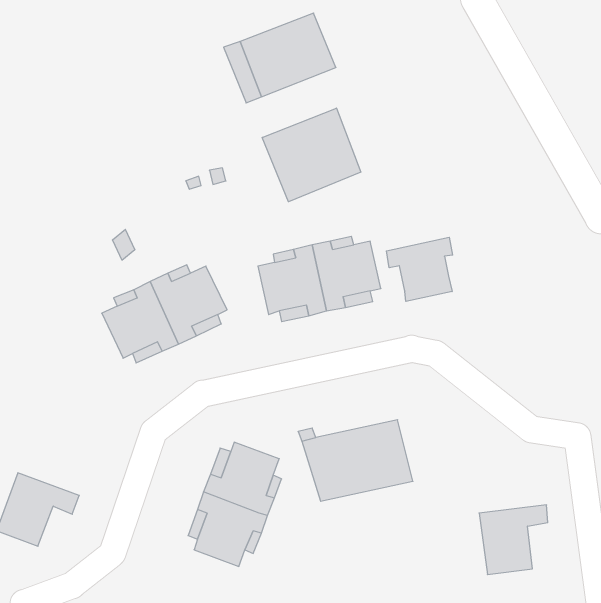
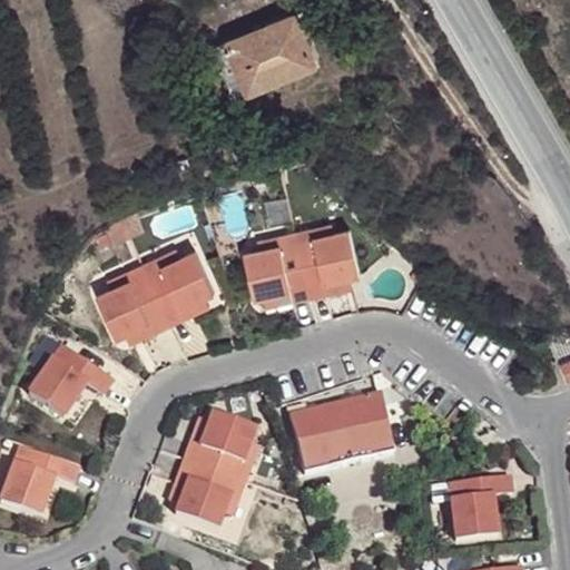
building: [262,108,361,202] -> none
building: [386,237,453,301] -> none
building: none -> [26,343,110,415]

